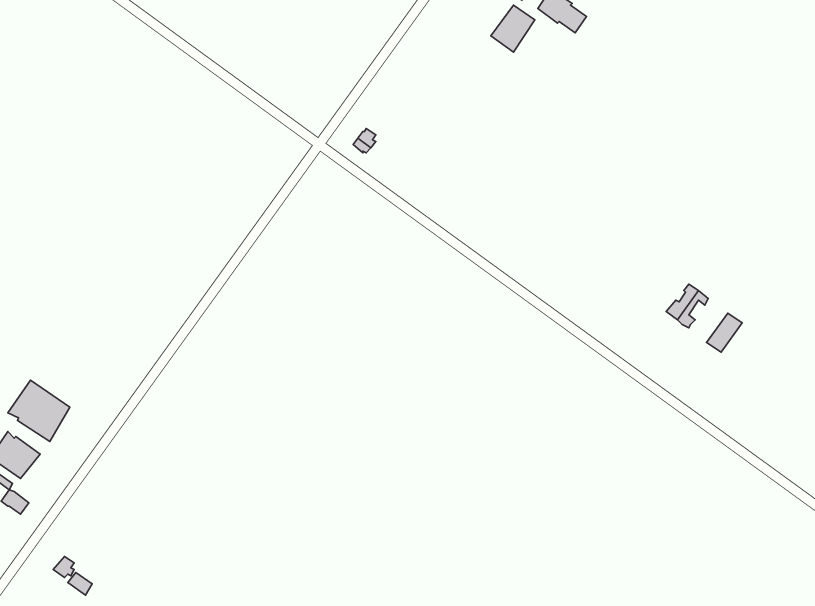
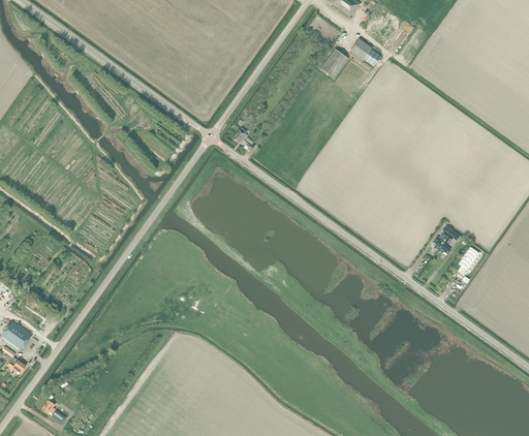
building: [8,380,70,441] -> none

